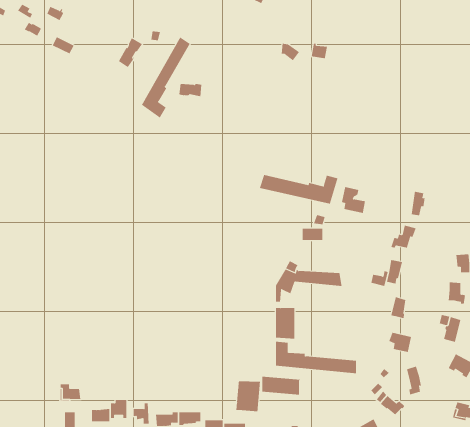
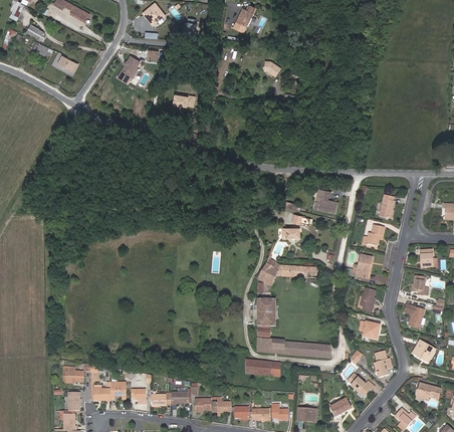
building: [141,36,191,118] -> none
building: [259,174,338,204] -> none
building: [236,380,260,412] -> none

